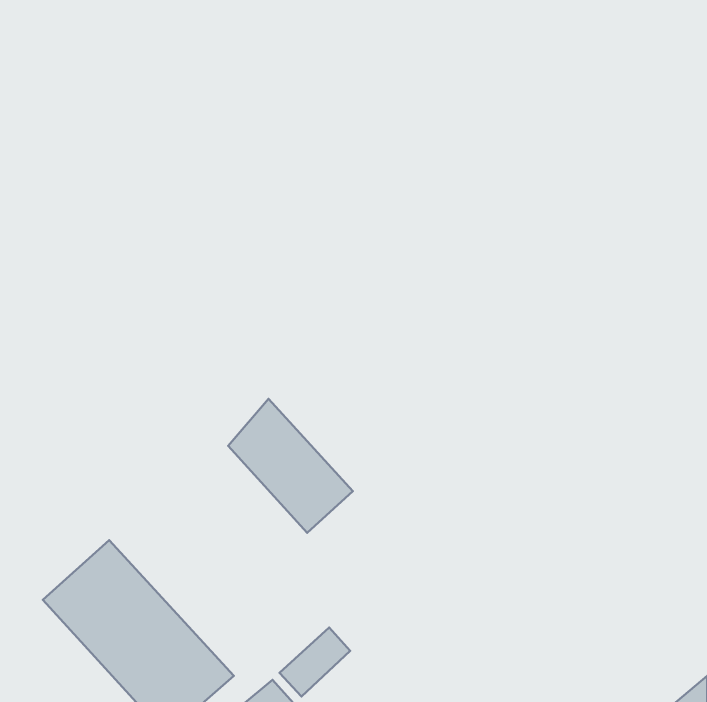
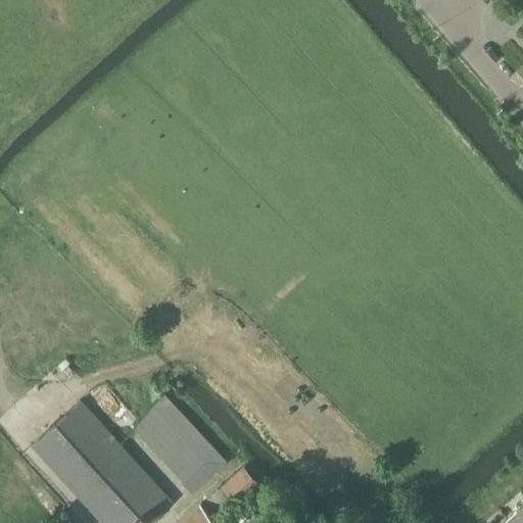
building: [228,399,353,533] -> [134,395,226,494]

